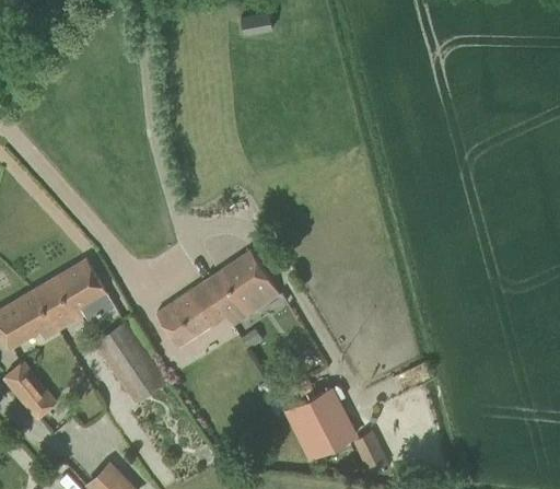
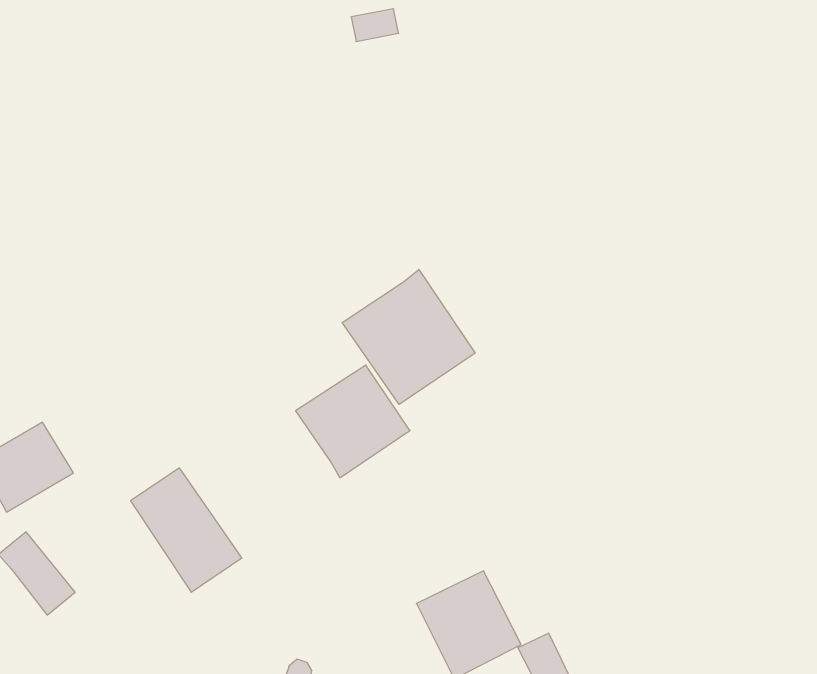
building: none -> [342,269,475,404]
building: [34,259,114,324] -> none
building: [156,282,228,348] -> none

